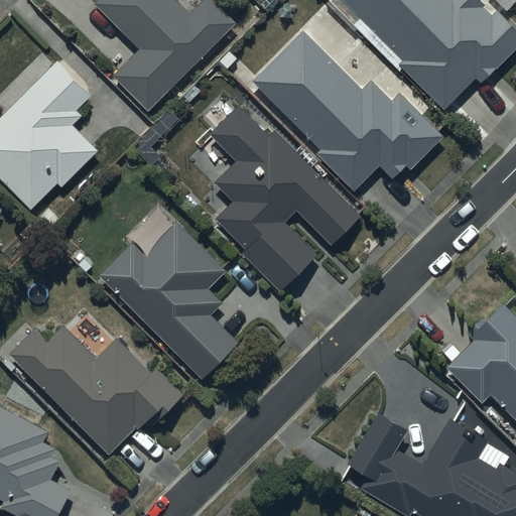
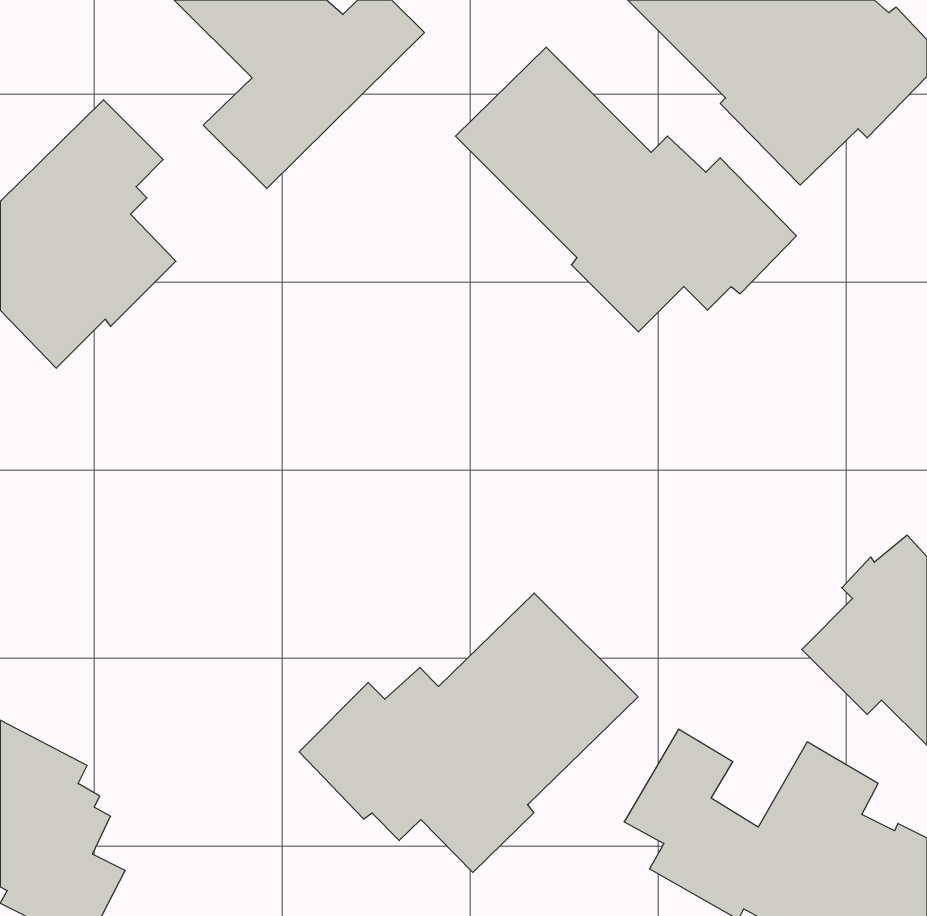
building: [211,106,360,291] -> none
building: [99,222,238,379] -> none
building: [10,326,183,456] -> none
building: none -> [299,593,638,872]

